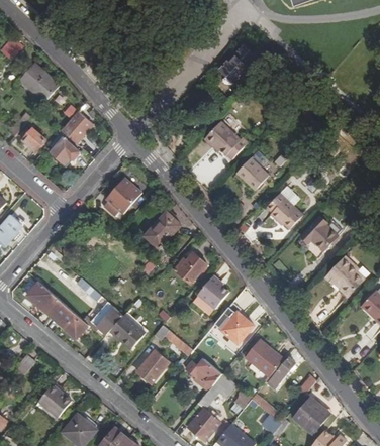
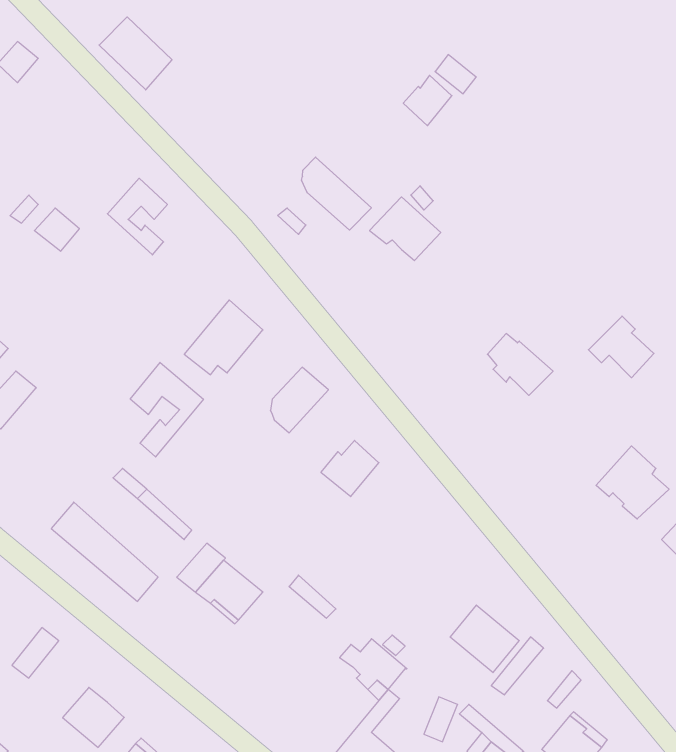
building: [19,63,59,102] -> [99,17,172,90]
building: none -> [302,157,371,230]
building: [50,136,80,163] -> none
building: [235,156,268,189] -> none
building: none -> [130,362,203,457]
building: [299,216,335,249] -> [588,316,654,378]
building: [197,274,229,310] -> none
building: [219,312,254,344] -> none
building: [137,351,170,384] -> none

